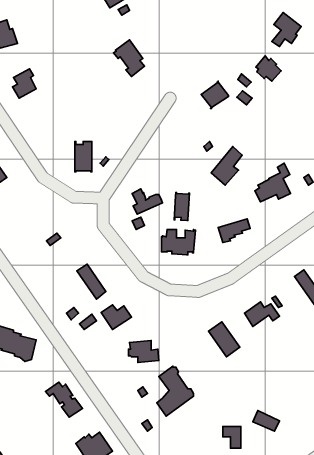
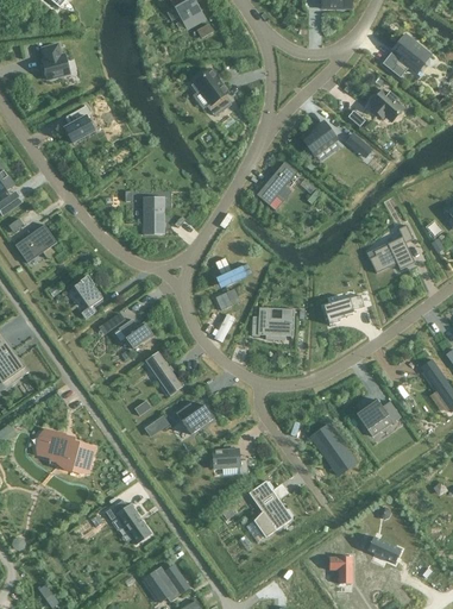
building: [211,147,242,185] -> [256,161,295,209]
building: [174,192,189,221] -> none
building: none -> [73,275,101,319]
building: none -> [118,318,152,349]

